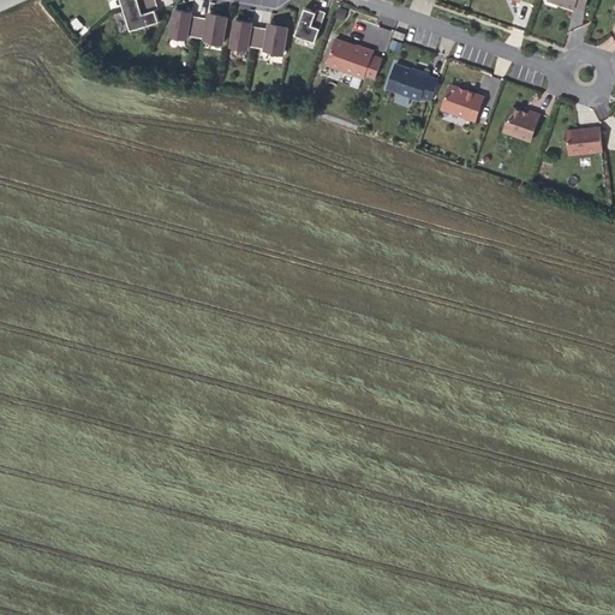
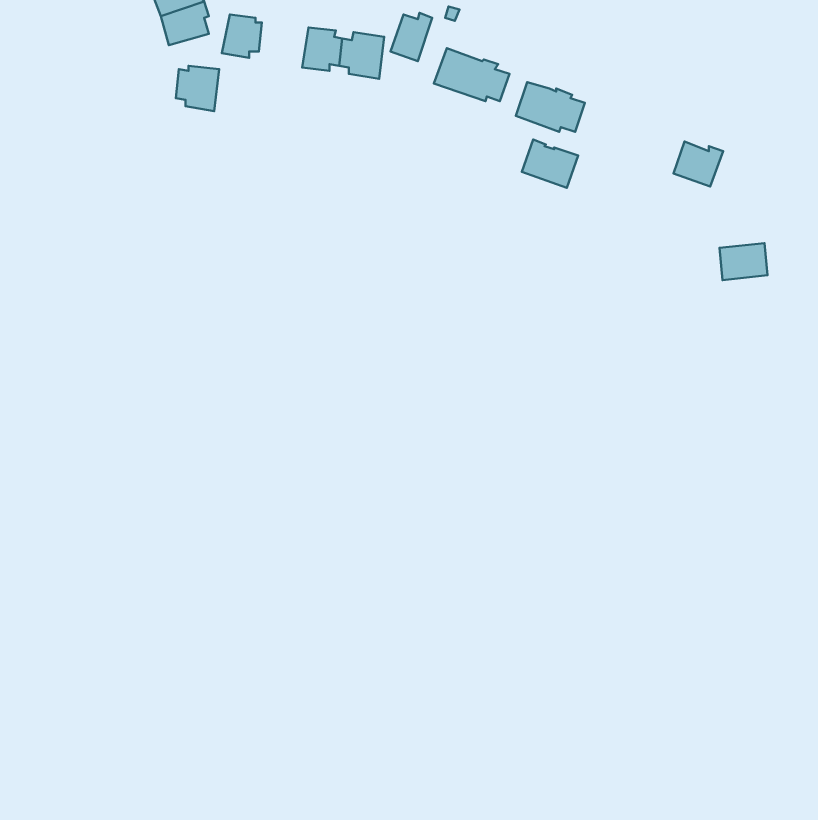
building: [193,14,226,48] -> [176,66,219,111]
building: [442,83,484,119] -> [522,140,578,188]
building: [567,126,603,154] -> [719,243,768,280]

